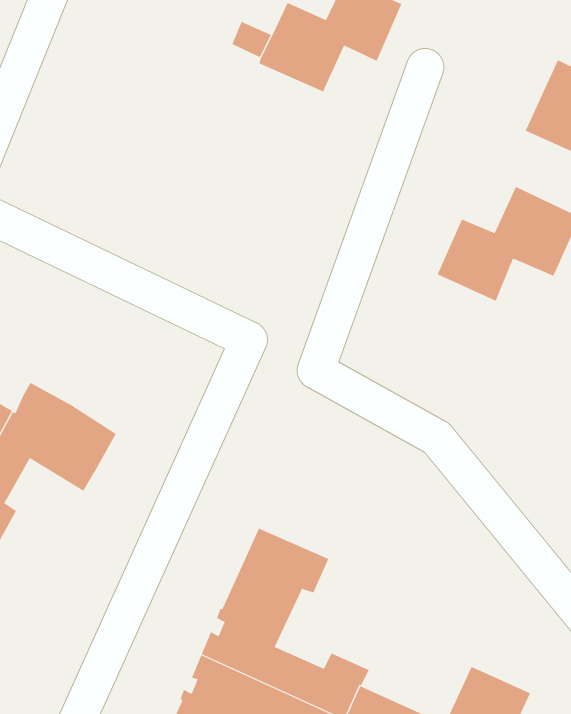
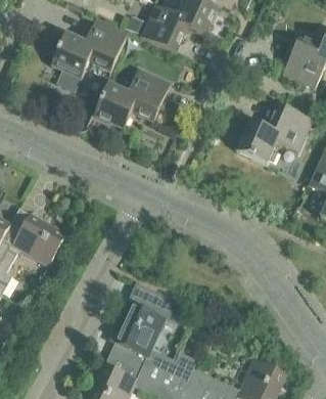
building: none -> [51,19,127,91]
building: none -> [93,70,170,128]

